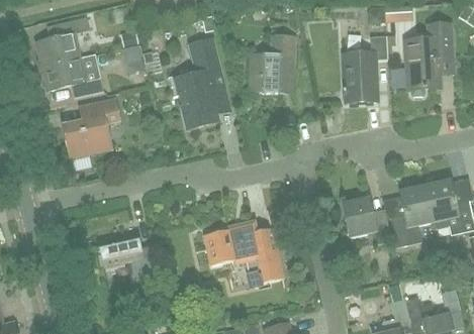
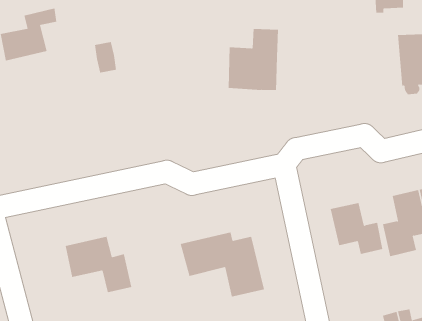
building: [344,34,389,103] -> none
building: [175,36,223,127] -> none
building: [40,55,103,96] -> none
building: [63,96,120,156] -> none

